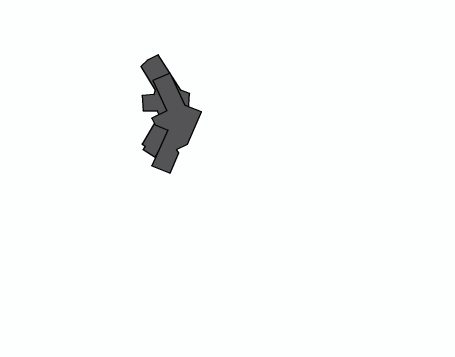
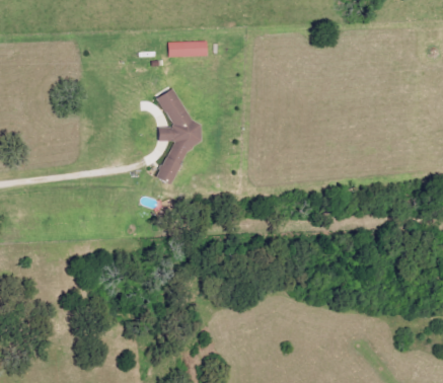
building: none -> [167,42,207,58]

